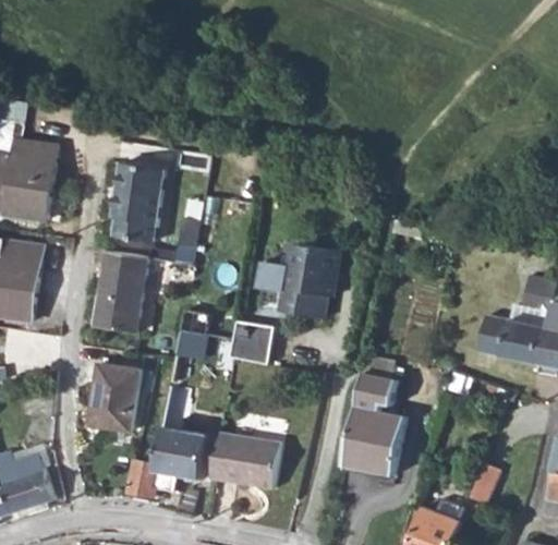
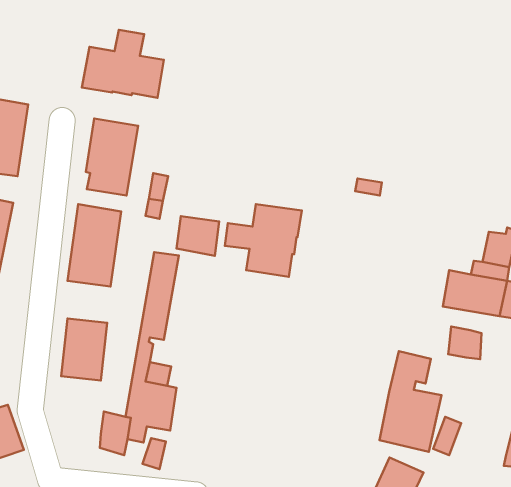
building: none -> [82,30,164,98]
building: [230,324,274,364] -> [176,216,219,256]
building: [342,370,405,472] -> [379,351,442,452]
building: none -> [448,326,482,359]
building: [209,432,278,487] -> none

